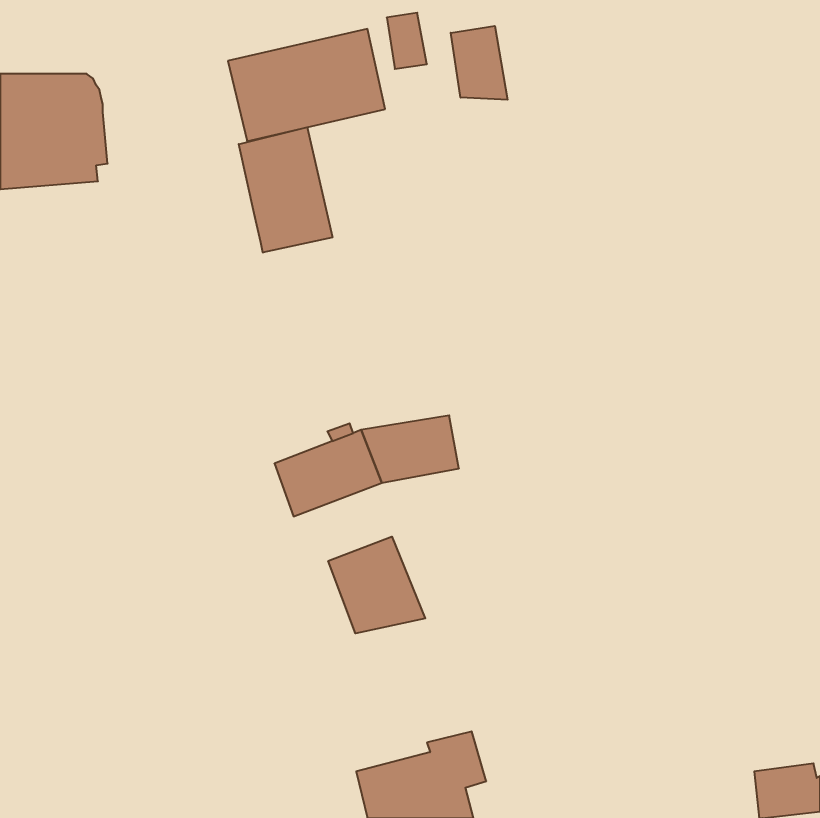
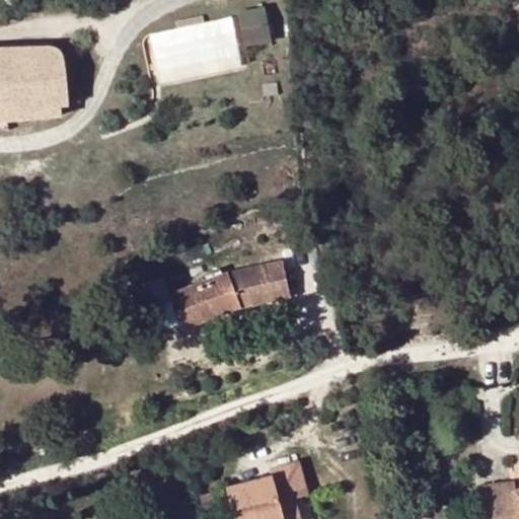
building: [451,26,508,100] -> none
building: [239,127,332,253] -> none
building: [328,537,425,633] -> none

